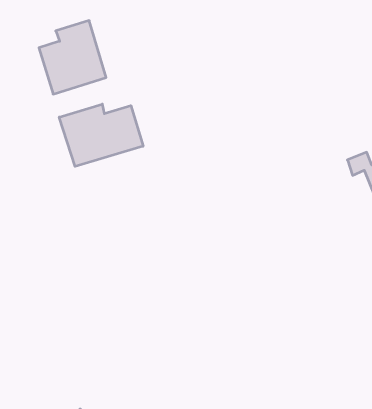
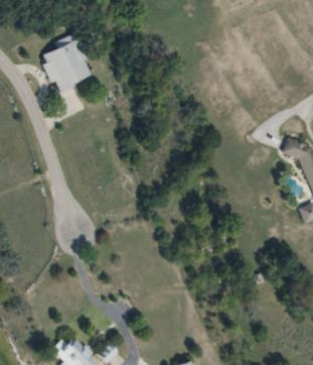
building: [59,104,143,166] -> none

